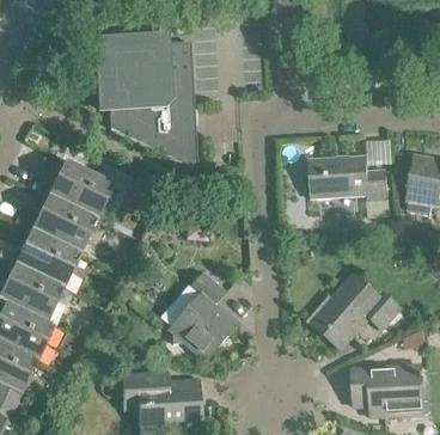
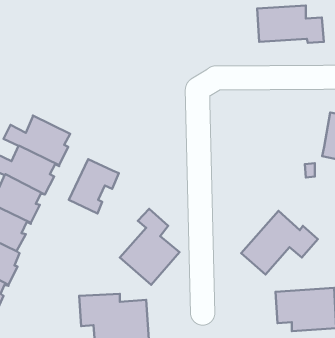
building: [96,35,195,161] -> none
building: [307,155,386,200] -> [257,5,324,43]
building: none -> [69,159,119,213]

